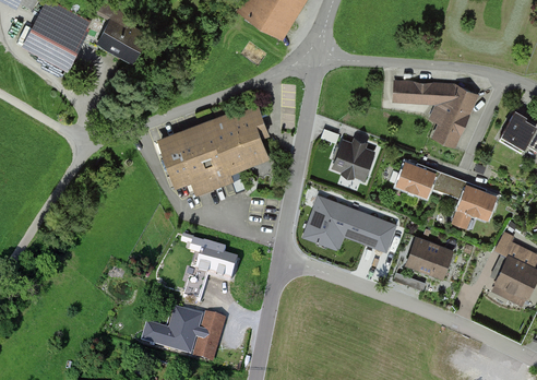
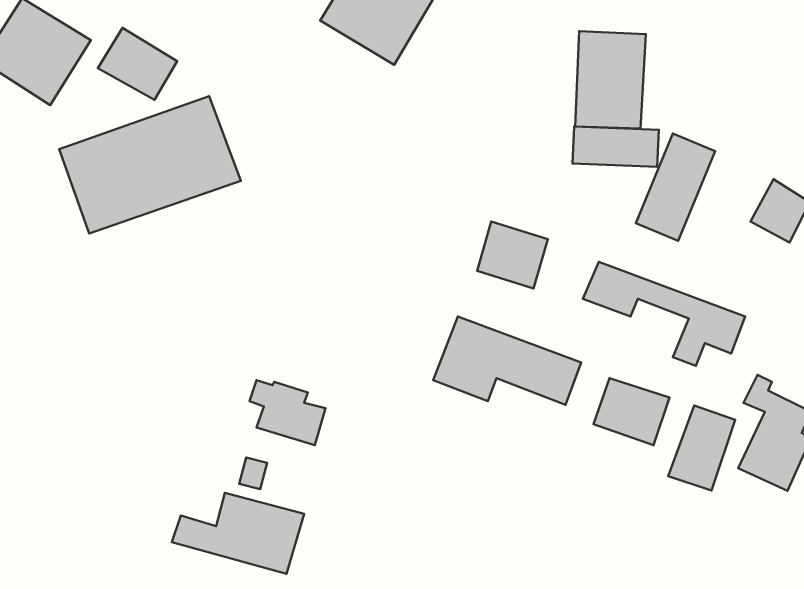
building: none -> [575,31,646,128]
building: [157,110,270,195] -> [59,96,241,234]
building: none -> [668,405,735,491]

